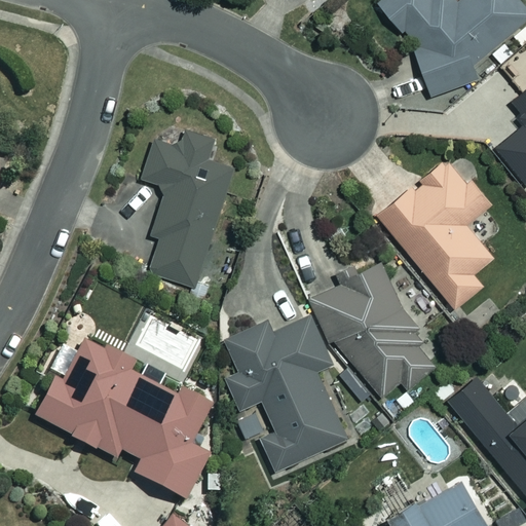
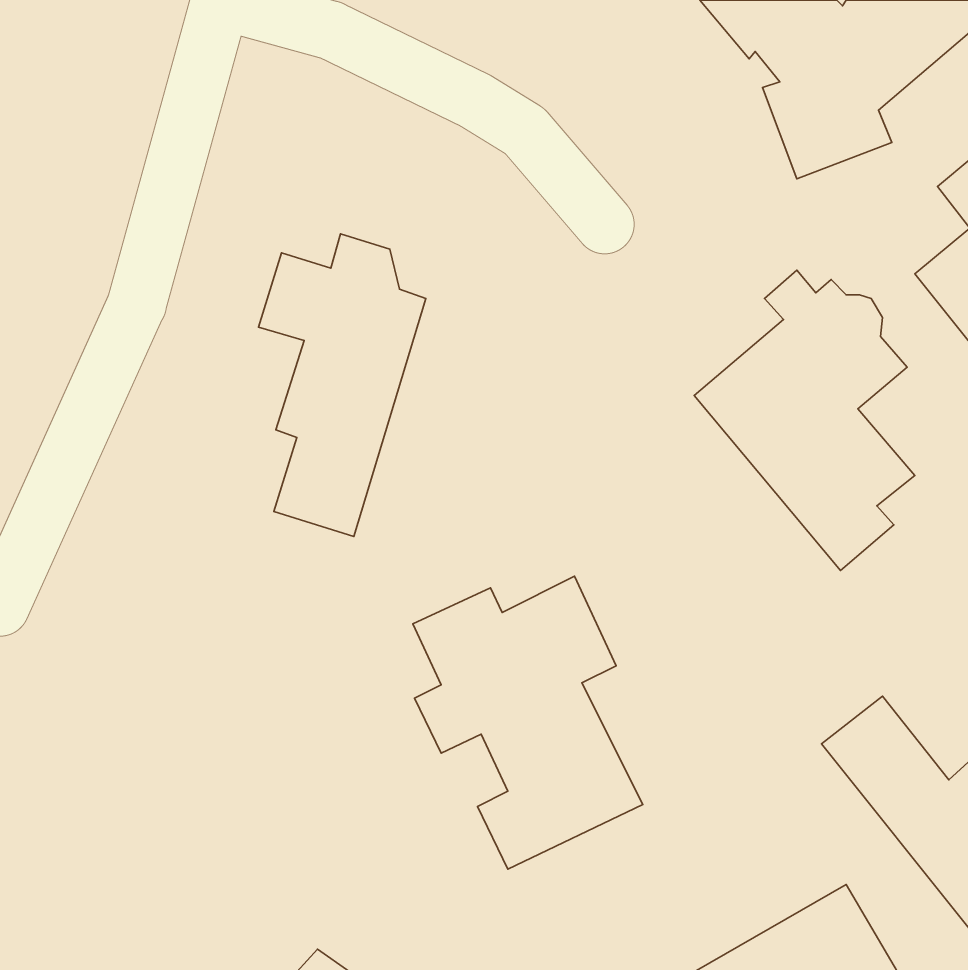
building: [311,257,448,396] -> none
building: [34,338,213,499] -> none

